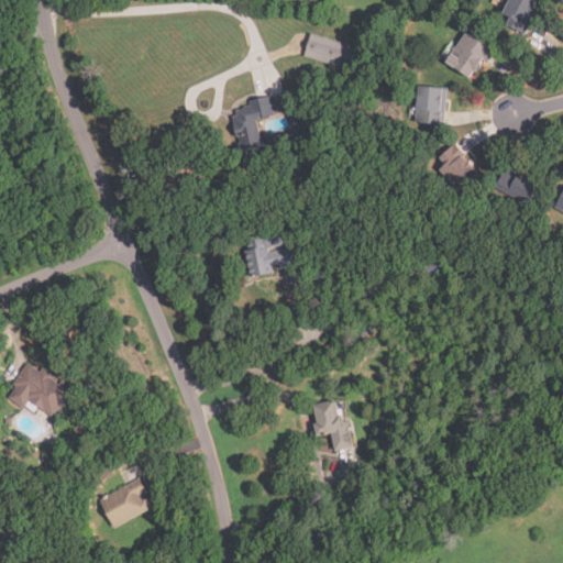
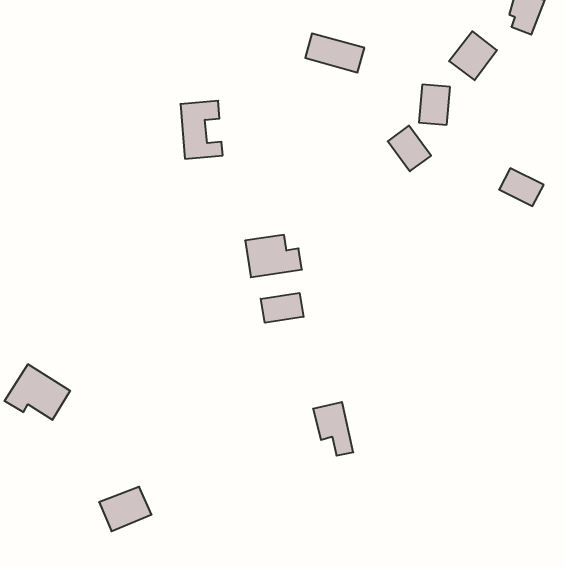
building: [232,98,274,155] -> [180,101,223,159]
building: [433,143,476,188] -> [388,126,431,171]
building: none -> [261,293,304,323]

